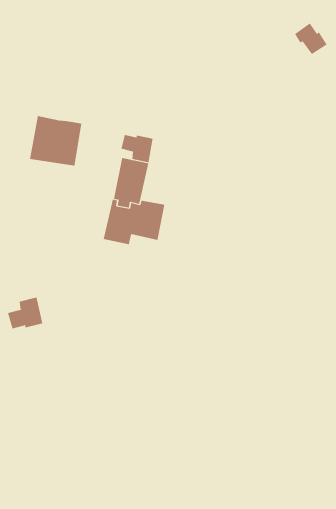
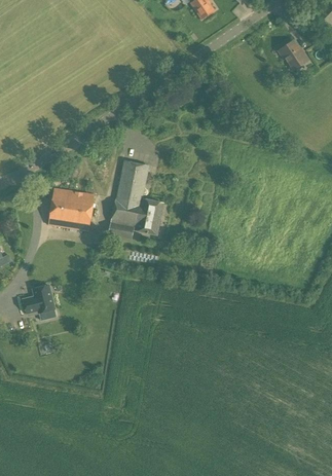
building: [29,115,82,166] -> [47,186,95,231]
building: [121,134,153,163] -> none

